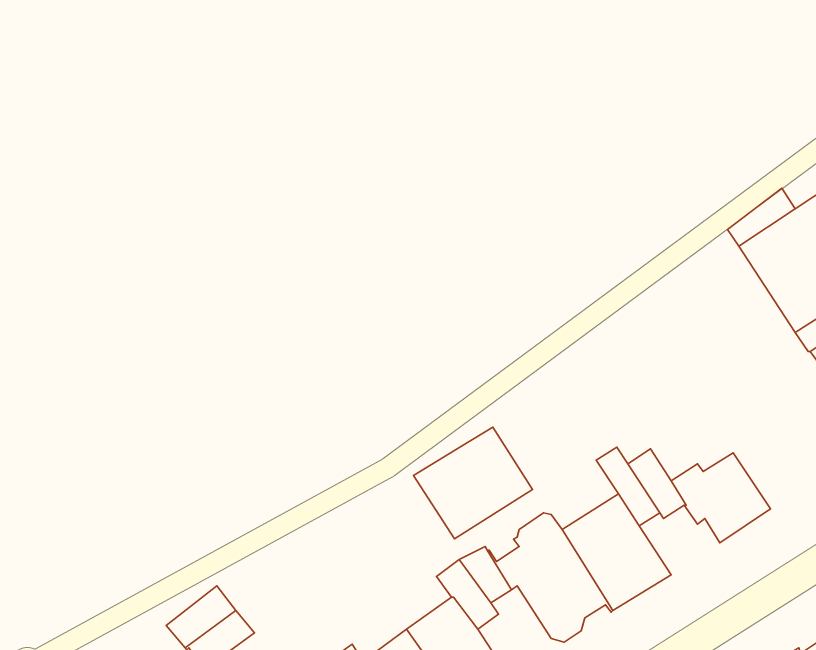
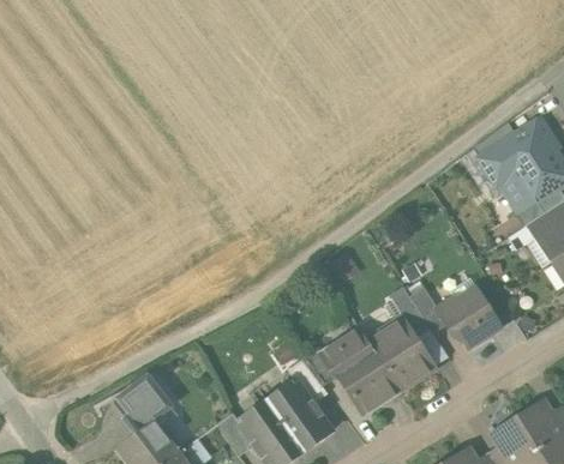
building: [413,427,532,539] -> none

